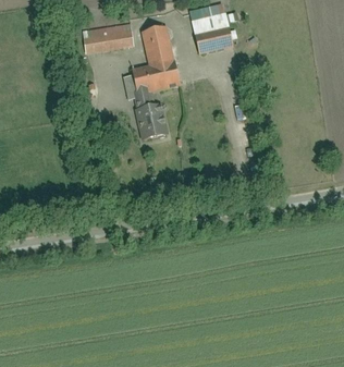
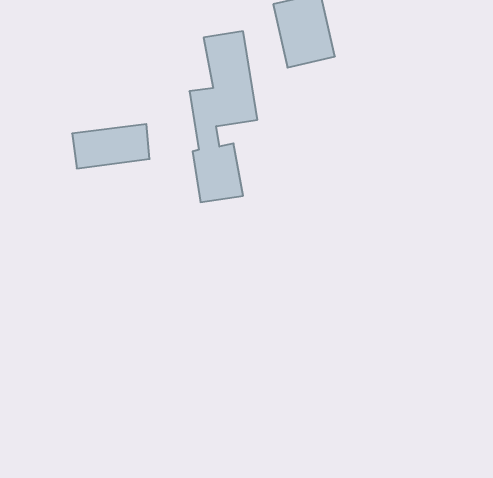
building: [79,23,133,53] -> [72,124,150,168]

